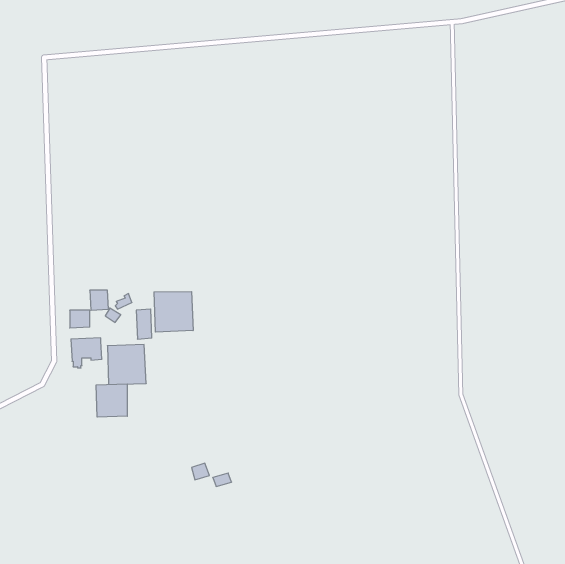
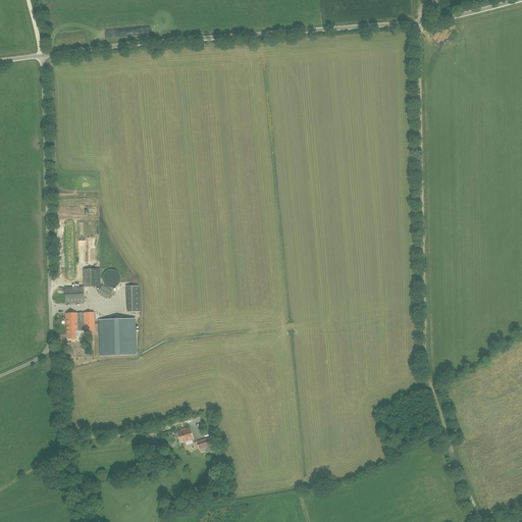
building: [154,292,193,332] -> none
building: [96,384,127,417] -> none

